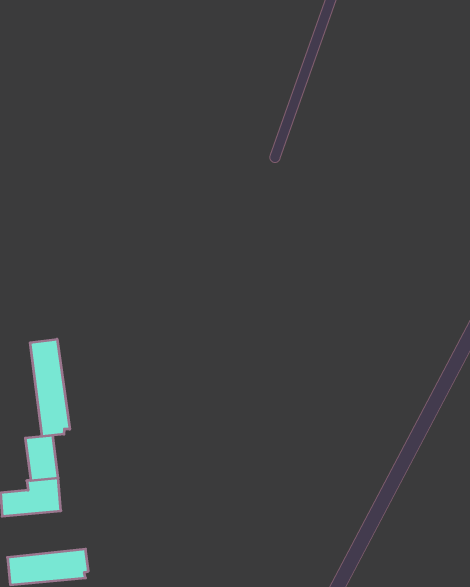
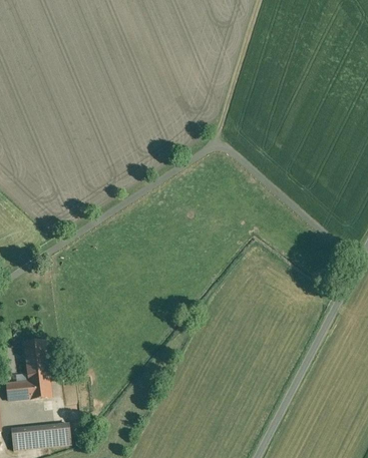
building: [30,339,70,436] -> none

